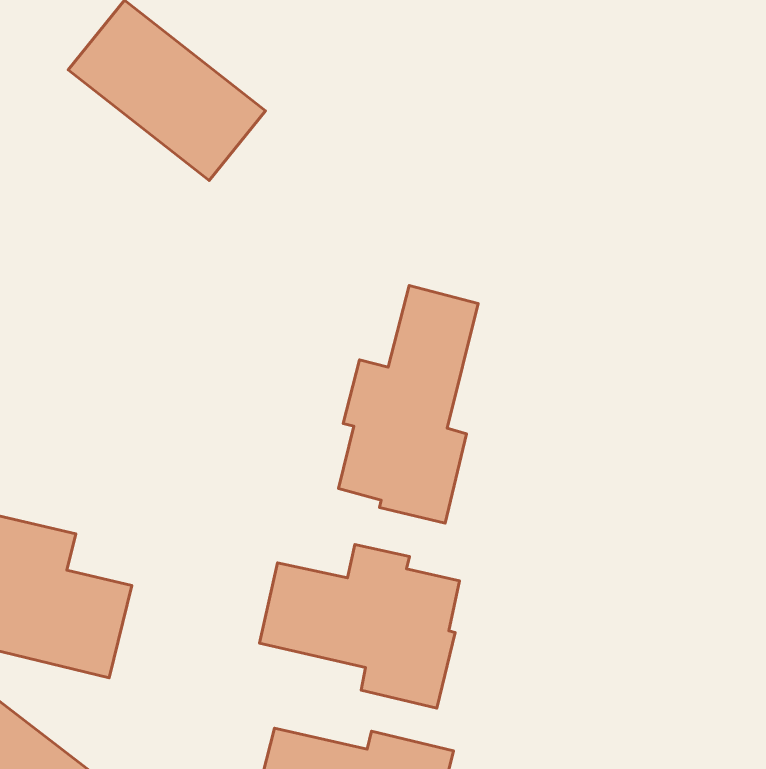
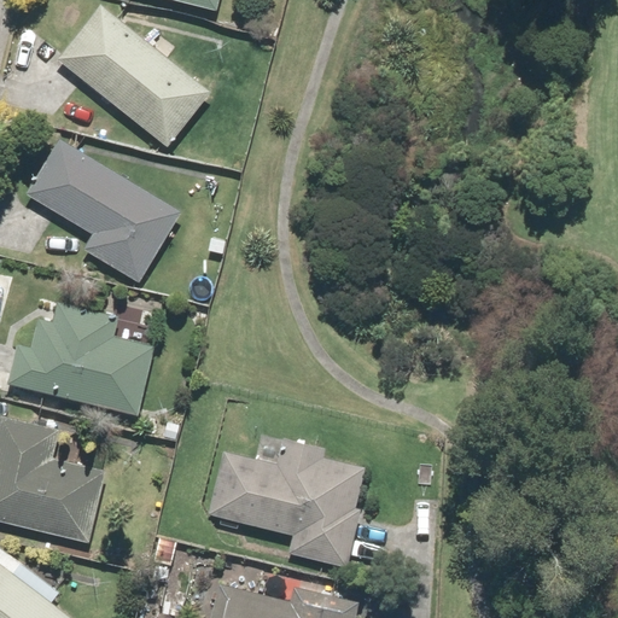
building: none -> [25,139,181,284]
building: [338,286,478,523] -> none
building: none -> [5,301,153,416]

